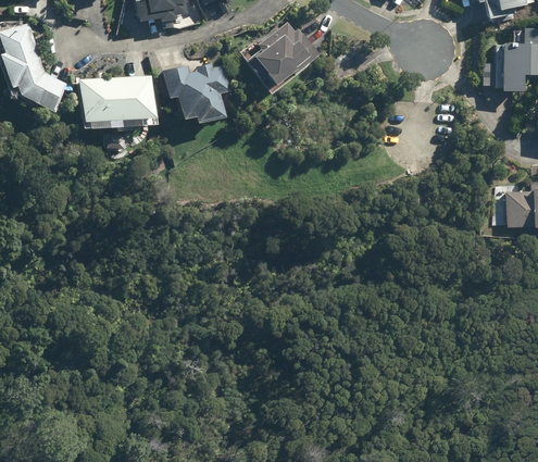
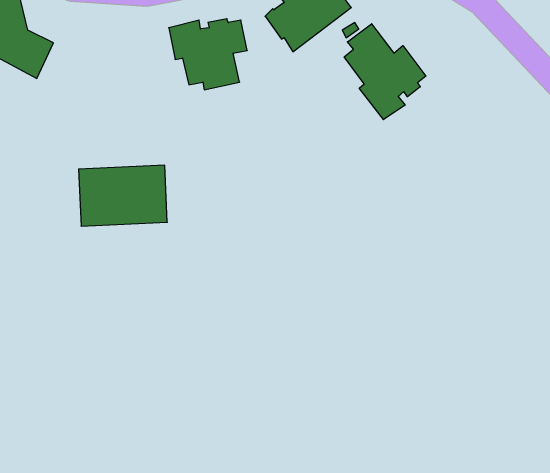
building: none -> [344,24,426,120]
building: [77,76,153,128] -> [79,165,167,226]

